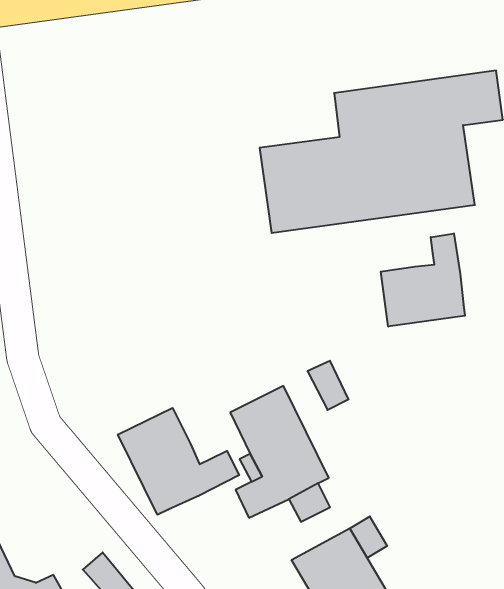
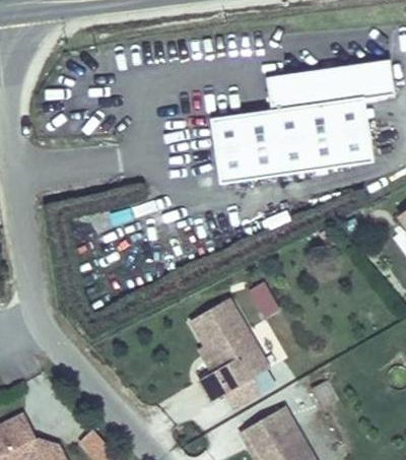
building: [381,233,465,327] -> none
building: [118,408,239,515] -> none

